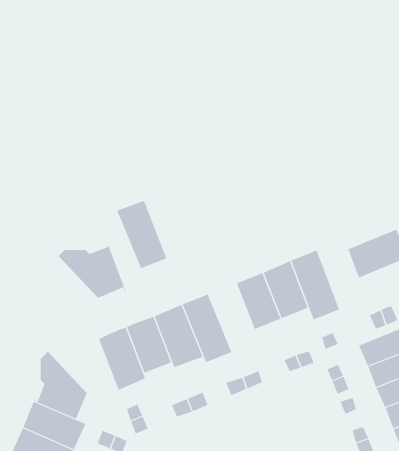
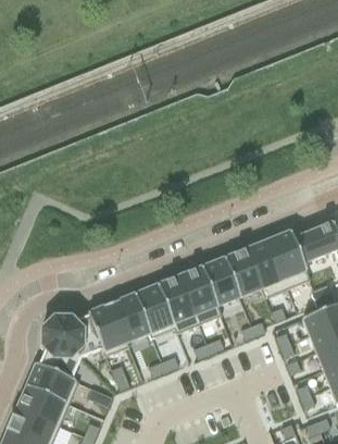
building: [117,200,167,269] -> [179,267,221,323]
building: none -> [268,231,309,288]
building: [58,244,128,299] -> [48,312,105,357]

